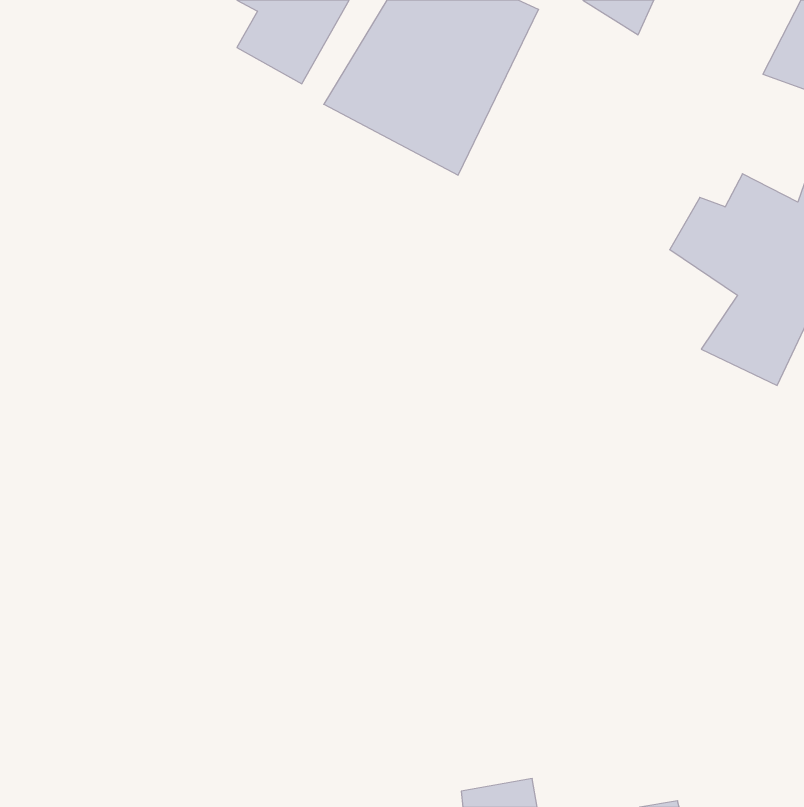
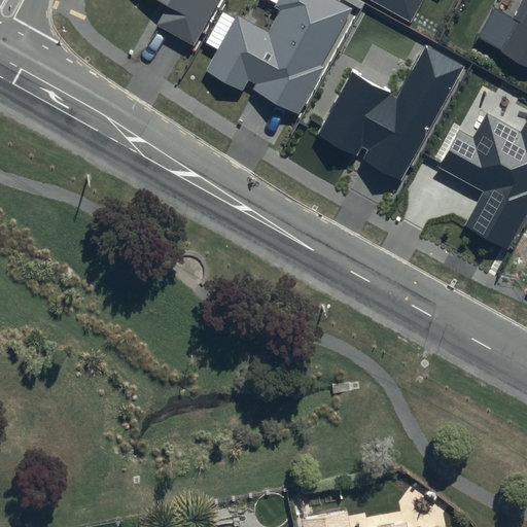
building: none -> [314,44,463,192]

